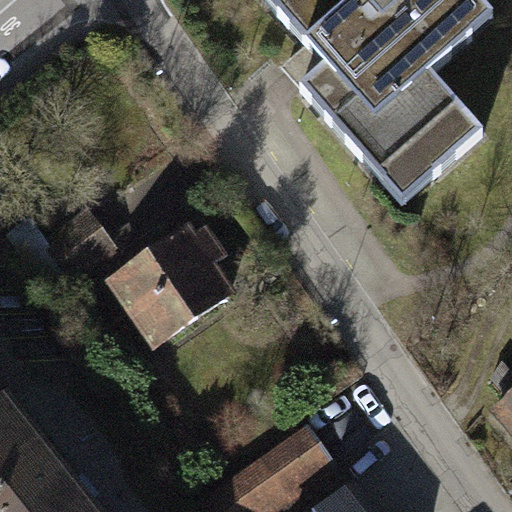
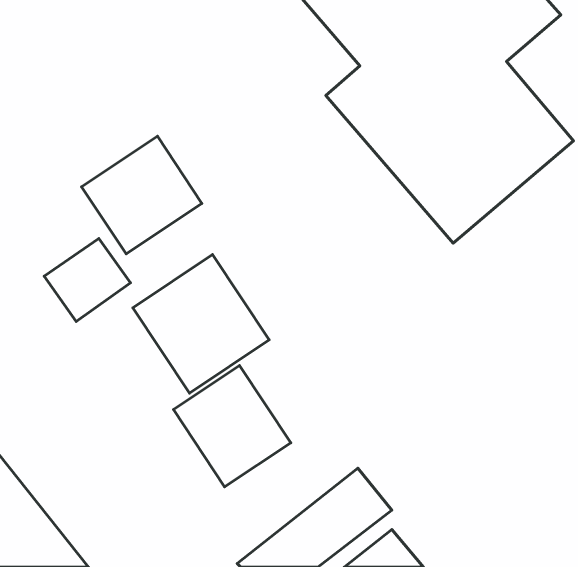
building: none -> [82,136,202,254]
building: none -> [173,365,291,487]

